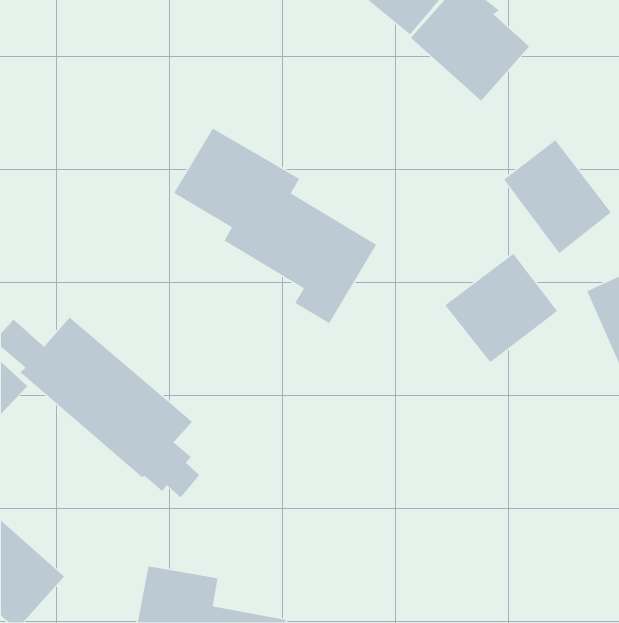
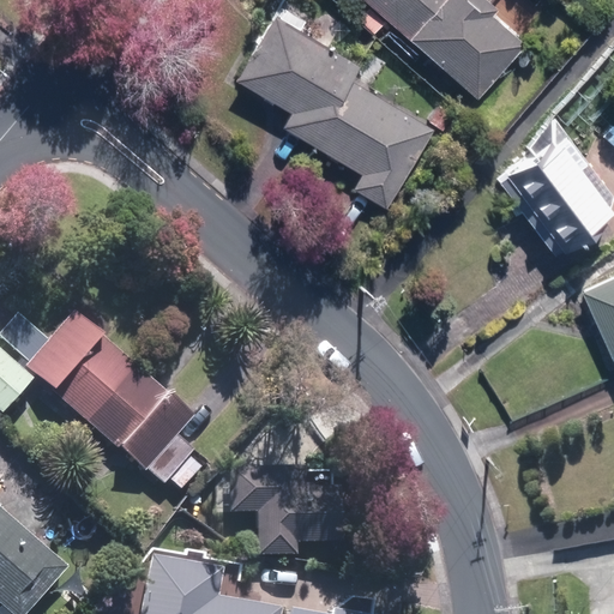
building: [173,127,377,324] -> [235,14,435,207]
building: [444,253,558,363] -> none
building: none -> [229,465,339,555]

